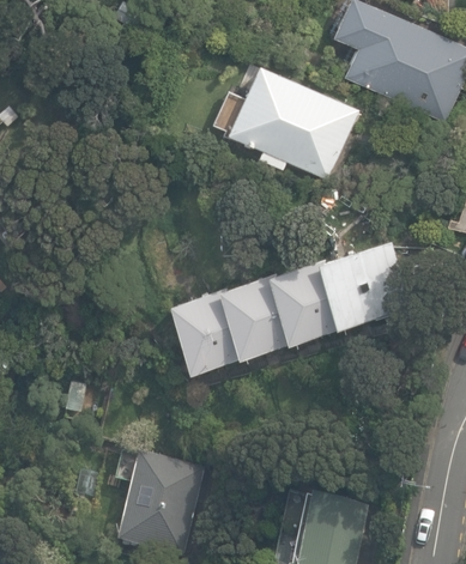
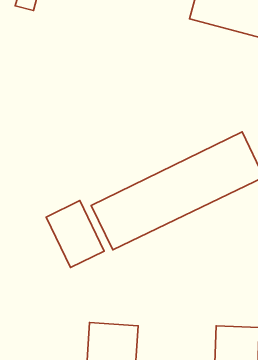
building: [226,65,356,178] -> none
building: none -> [46,200,104,268]

